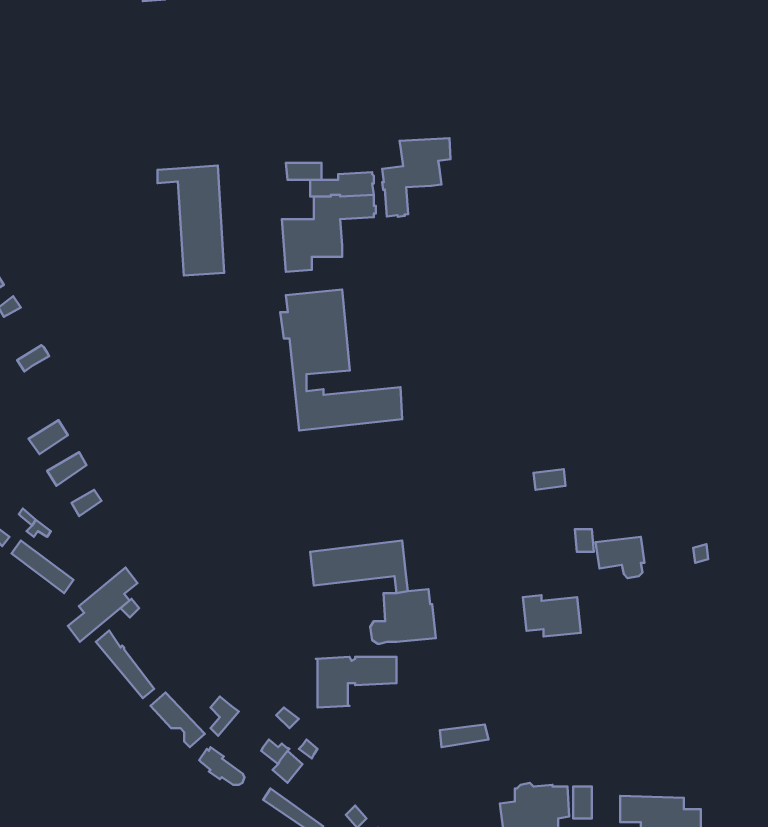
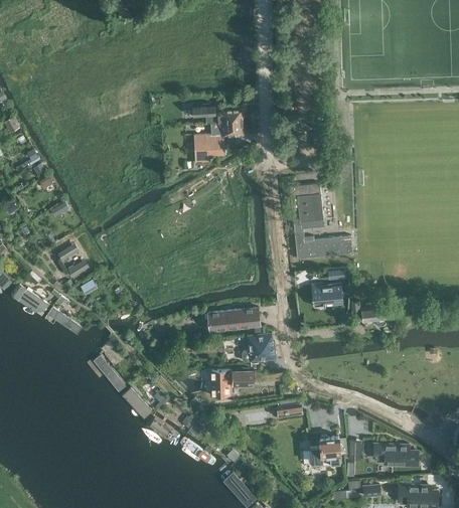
building: [382,138,451,217] -> none
building: [157,165,224,276] -> none
building: [280,290,402,431] -> [286,183,351,259]
building: [68,567,138,642] -> none
building: [523,595,581,637] -> [311,284,342,306]

